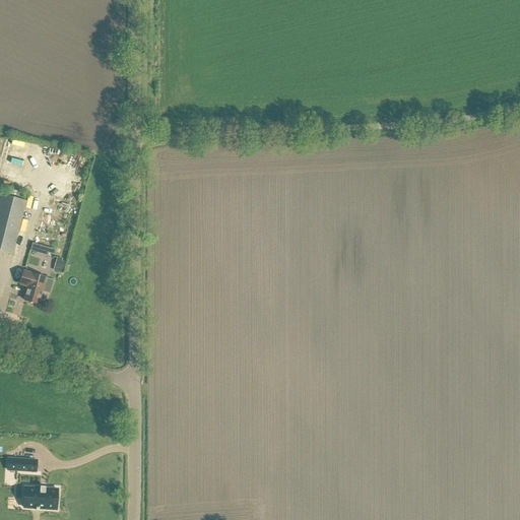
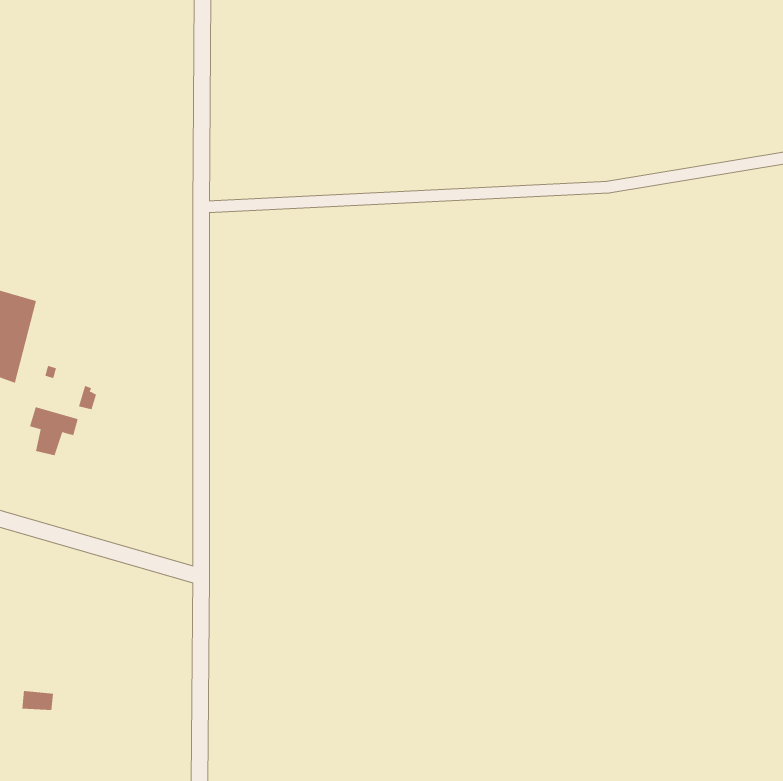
building: [22,484,57,509] -> none

